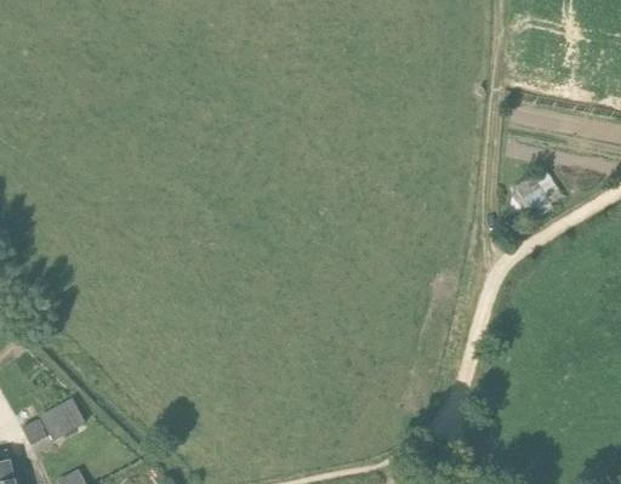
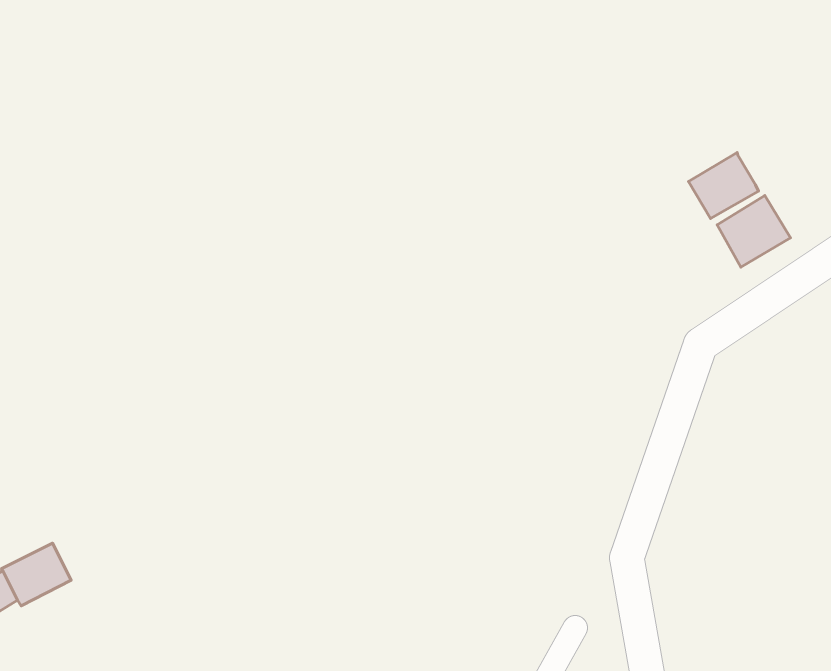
building: none -> [689,153,758,219]

